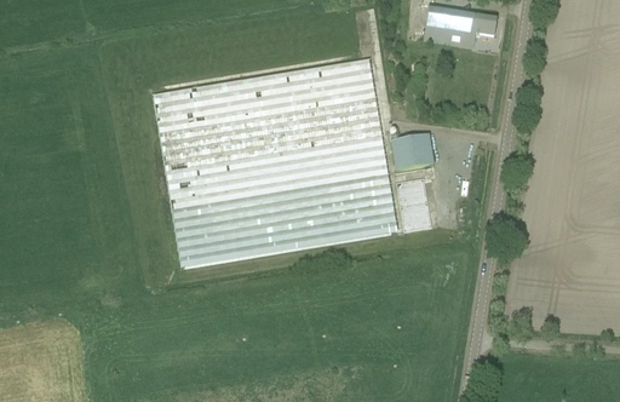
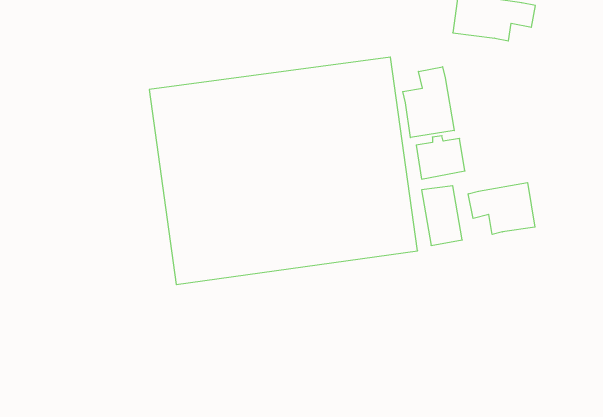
building: none -> [403,67,454,138]
building: none -> [468,183,535,234]

